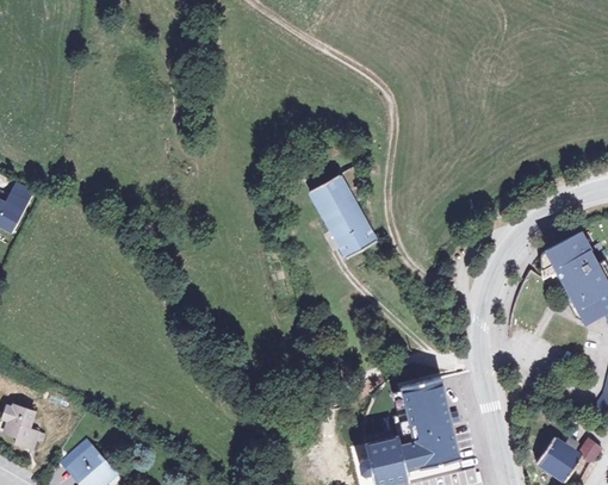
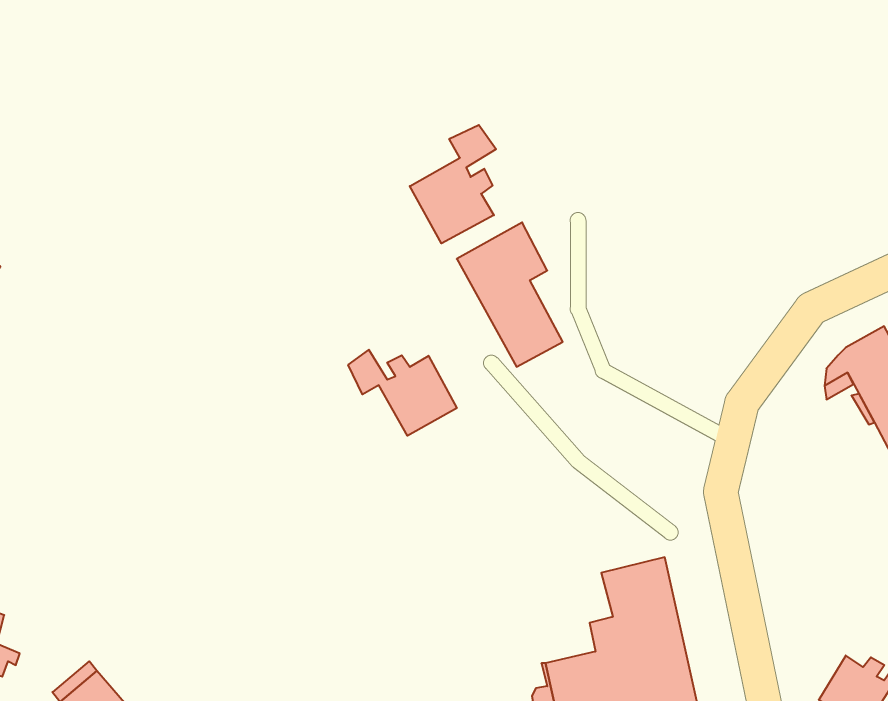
building: none -> [410,125,496,243]
building: none -> [348,350,457,436]

